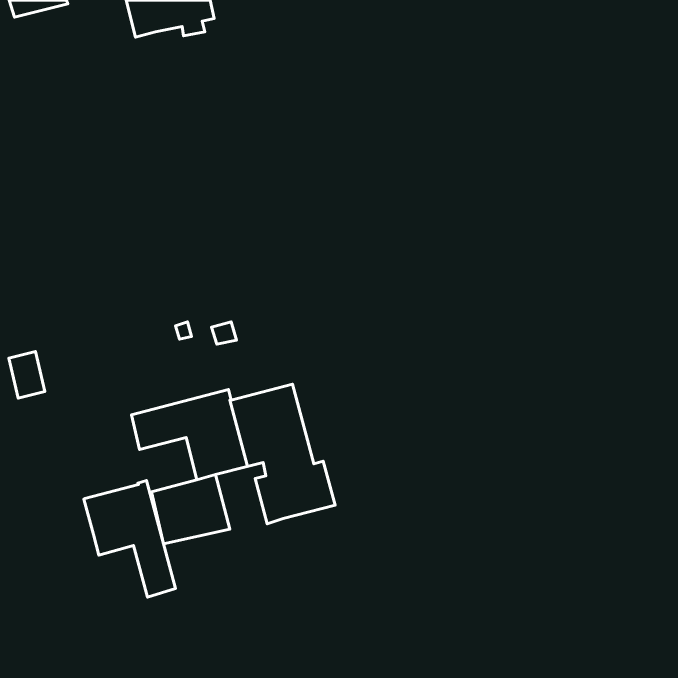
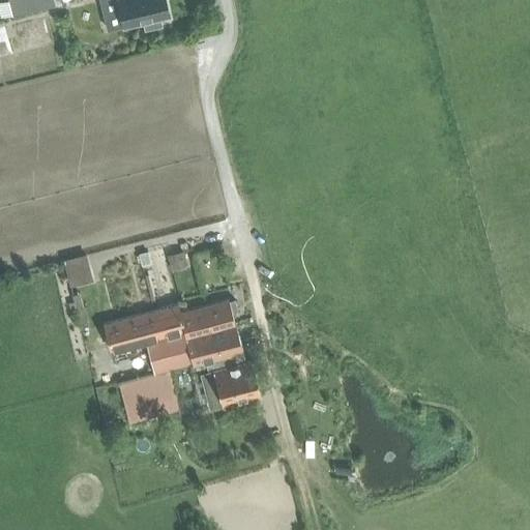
building: [9,352,45,398] -> [66,254,94,290]
building: [84,481,176,597] -> none

